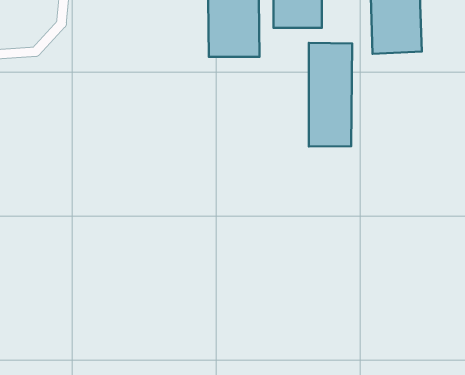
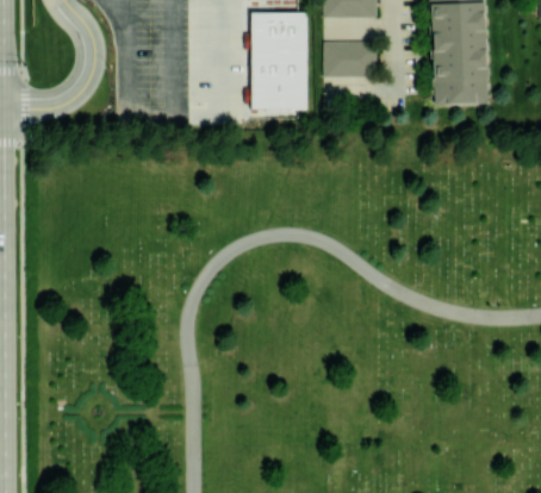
building: [309,43,352,146] -> none

